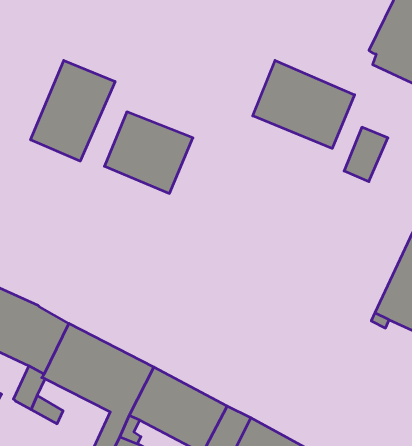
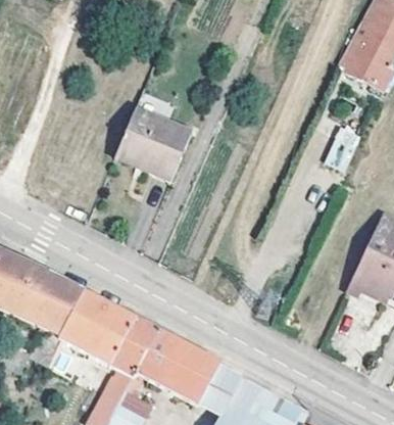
building: [31,60,115,161] -> none
building: [253,60,355,148] -> none

